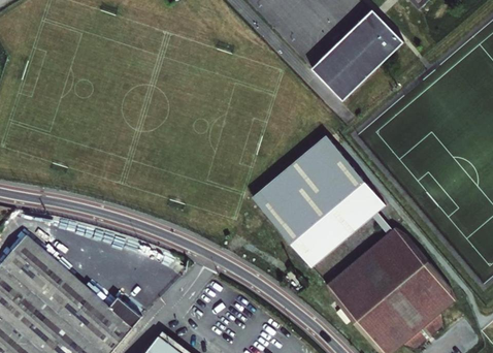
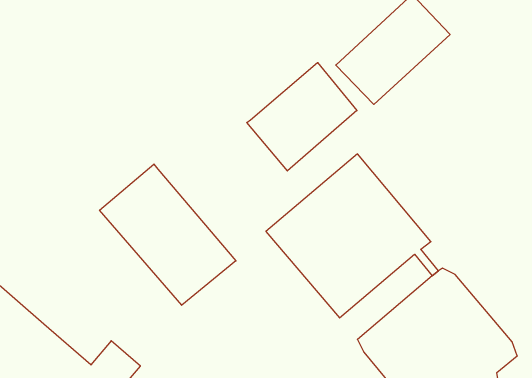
building: none -> [247,63,357,171]
building: none -> [100,164,236,305]

